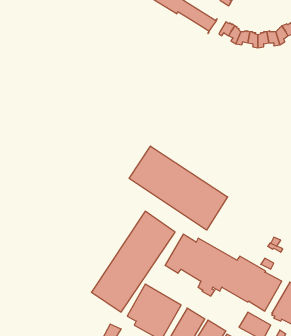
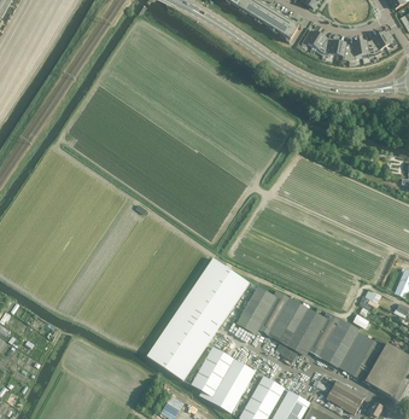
building: [129,146,228,230] -> none

